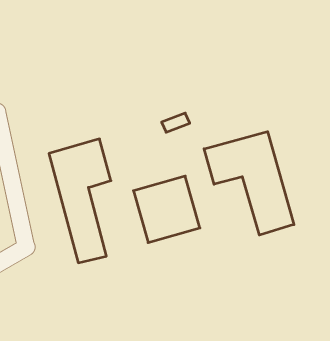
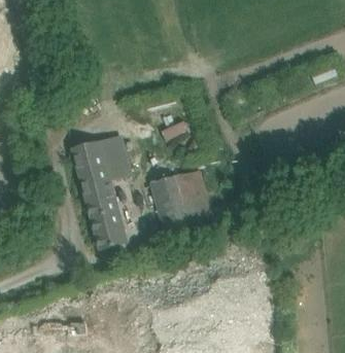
building: [204,132,294,235] -> none

